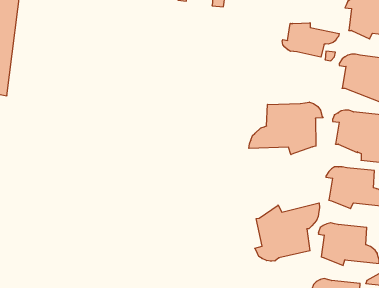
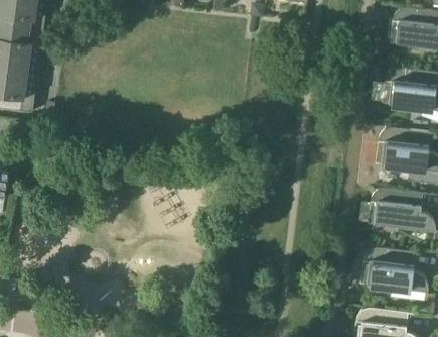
building: [282,23,339,57] -> none
building: [249,102,323,155] -> none
building: [255,203,320,261] -> none

